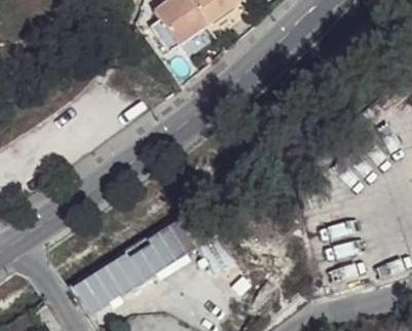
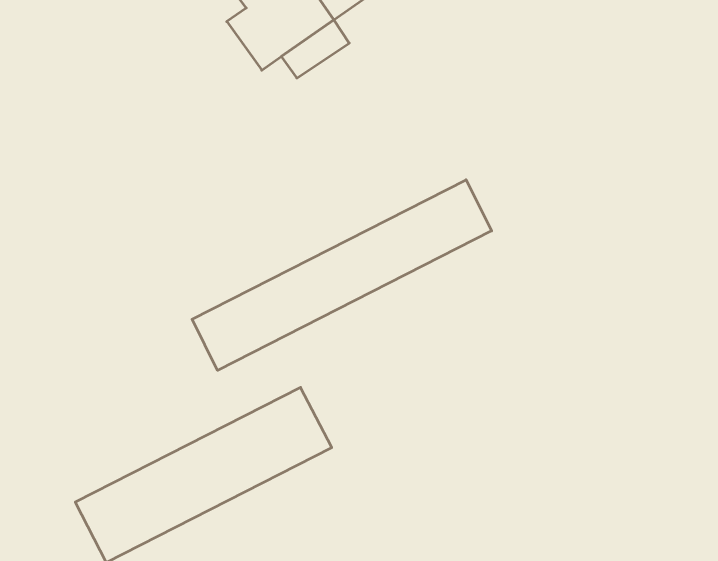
building: none -> [192,180,492,370]

